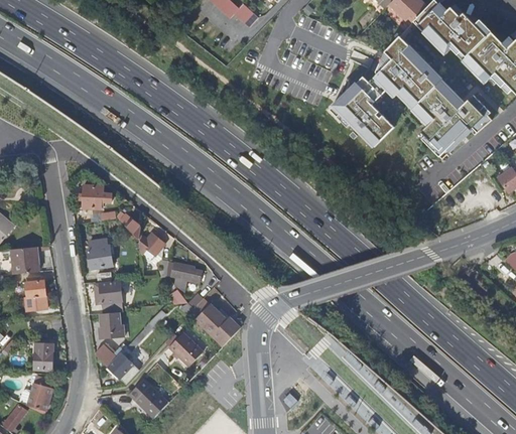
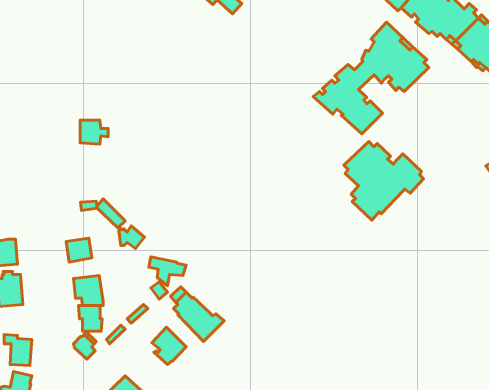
building: [416,80,494,156] -> [344,142,424,220]
building: [83,184,110,207] -> [80,120,108,144]
building: [107,349,141,384] -> none

